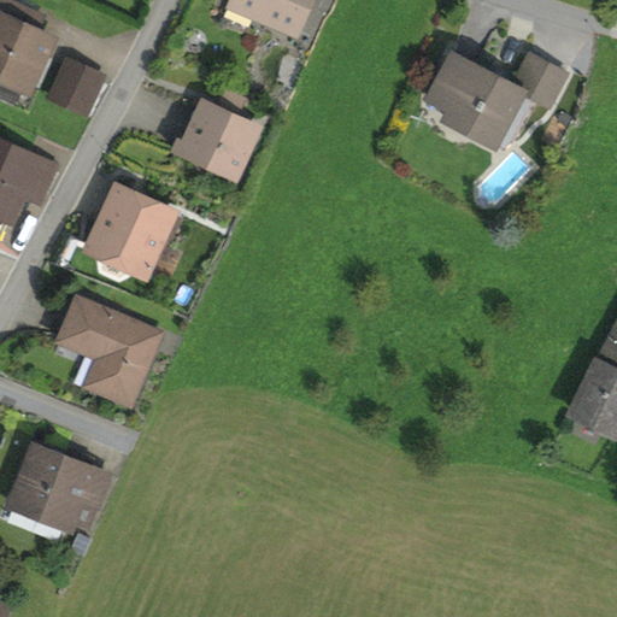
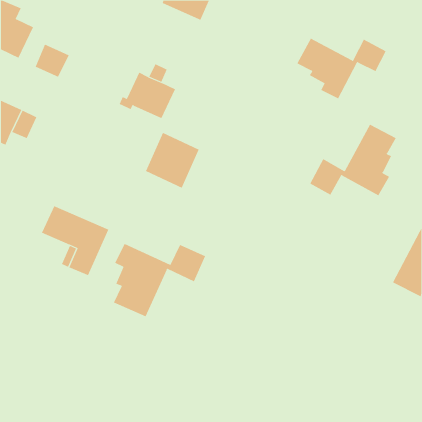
building: none -> [309,124,397,196]
building: [92,189,171,271] -> [145,132,200,188]
building: none -> [113,243,206,317]
building: [17,448,108,528] -> none

